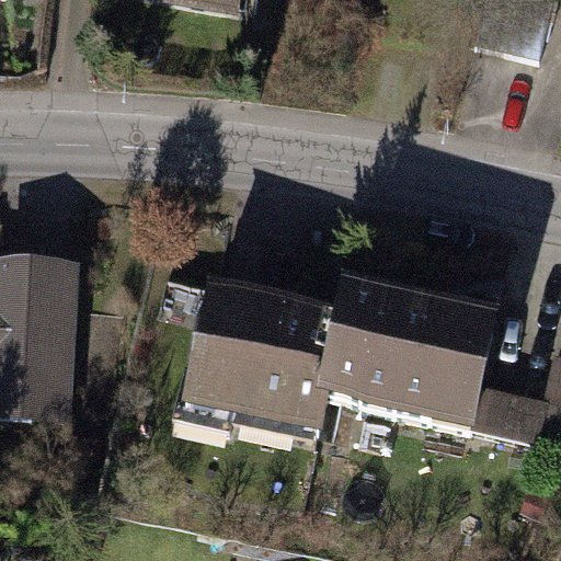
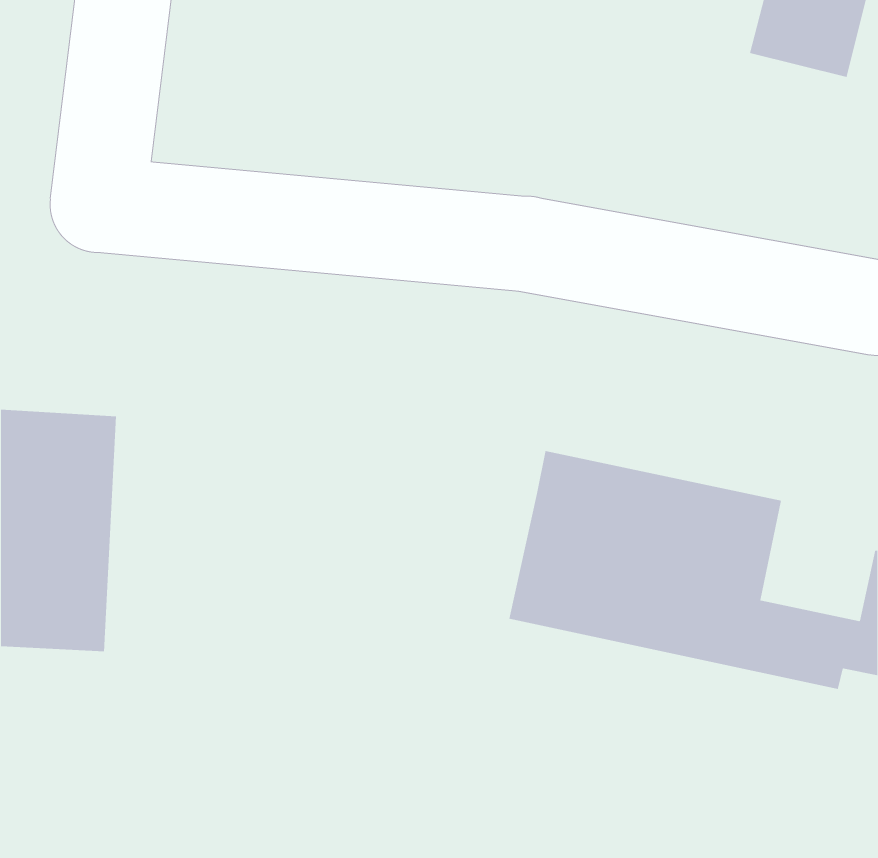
building: [184,287,342,425] -> none

